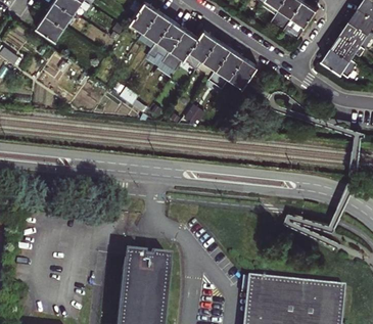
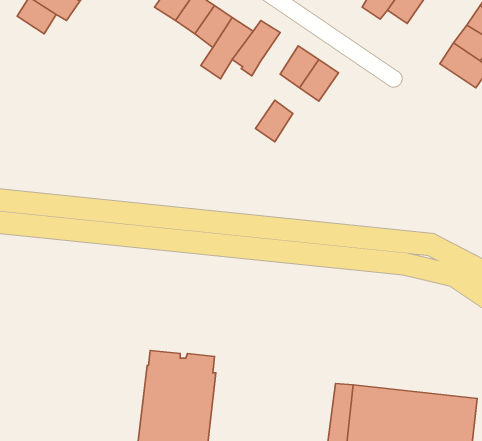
building: [201,39,227,67] -> [255,100,293,142]

